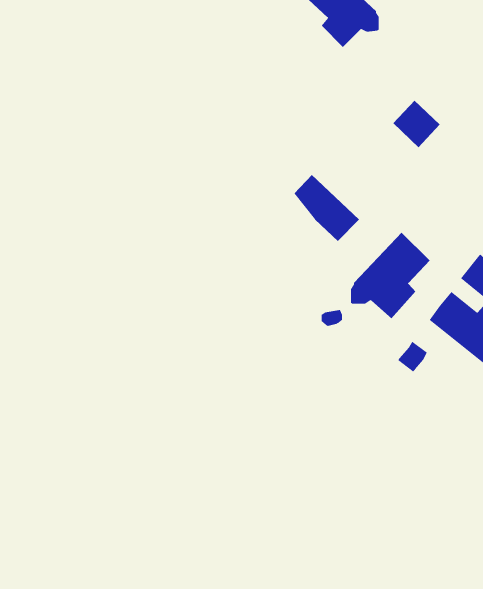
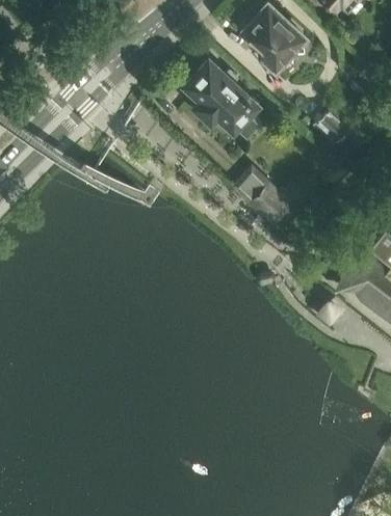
building: none -> [186,62,260,141]
building: [351,232,431,319] -> none

